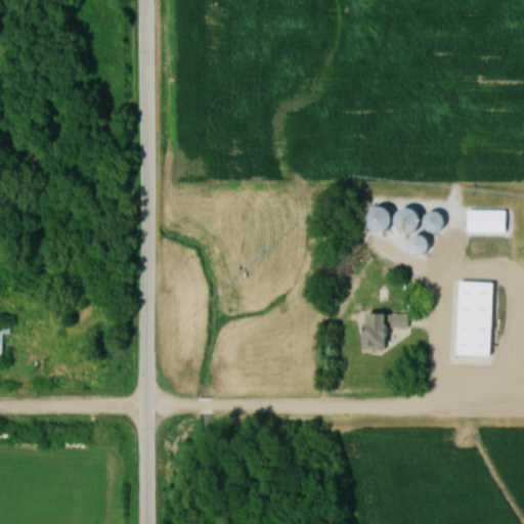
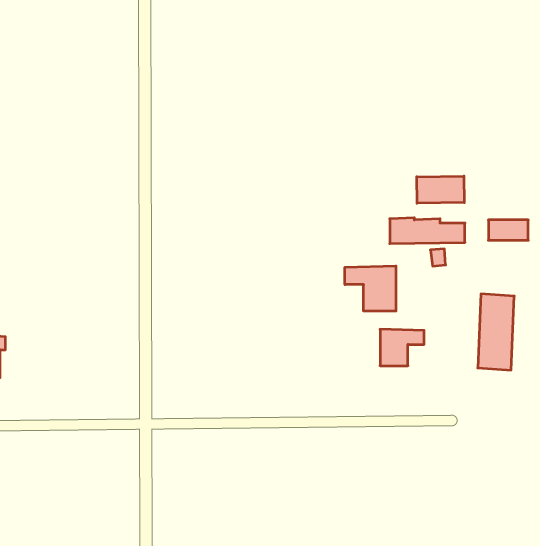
building: none -> [417,176,464,203]
building: none -> [345,266,396,311]

